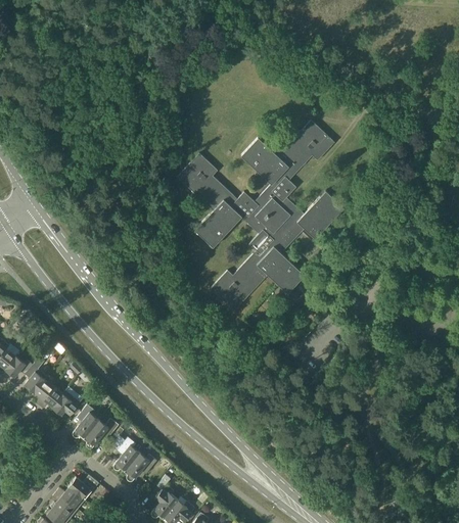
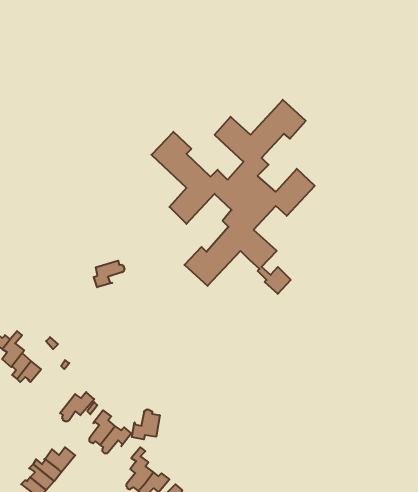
building: none -> [94,261,124,287]
building: [53,388,83,415] -> none
building: [73,405,99,440] -> none
building: none -> [132,409,160,439]

